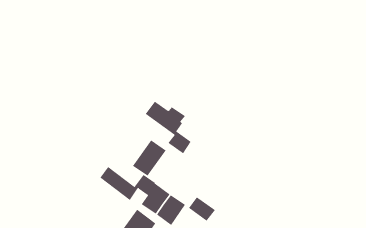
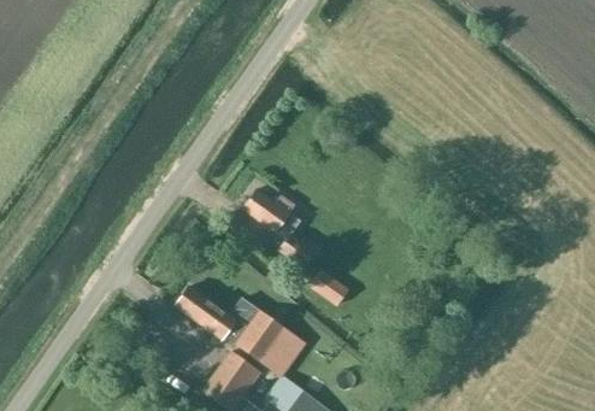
building: [132,139,166,176] -> none
building: [188,197,216,222] -> [307,270,348,307]

